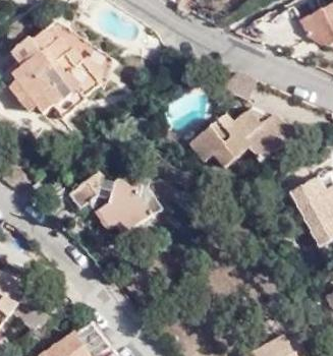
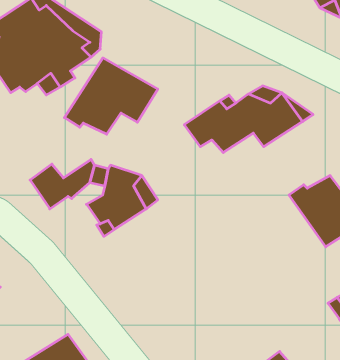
building: none -> [64,58,158,134]

